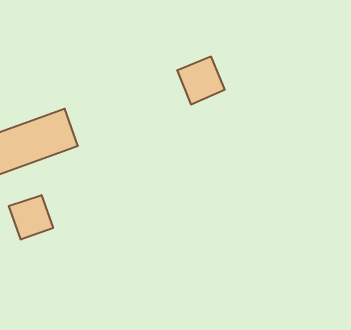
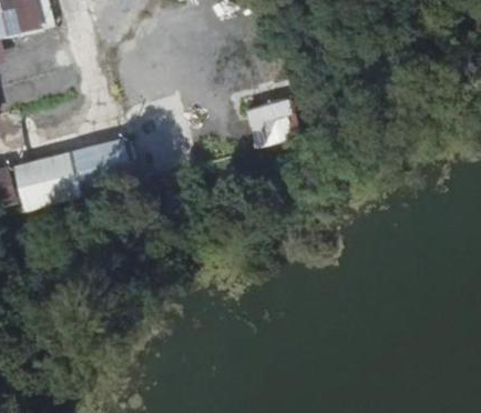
building: [9,195,53,240] -> none

